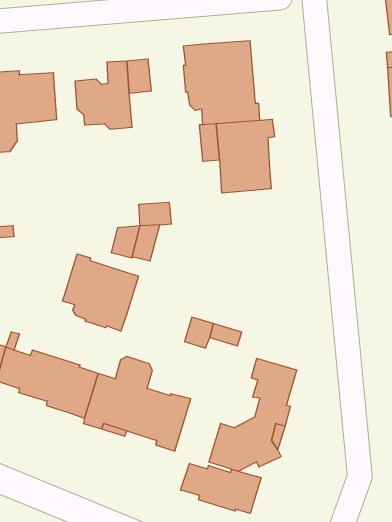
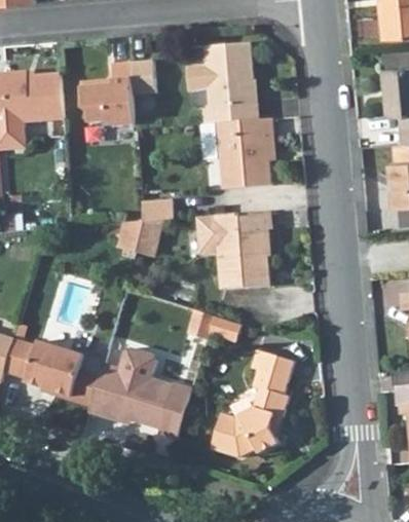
building: none -> [195,211,271,289]
building: [63,254,138,331] -> none
building: [181,463,261,513] -> none

